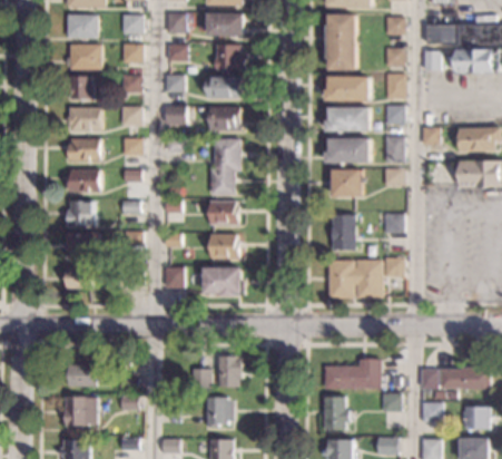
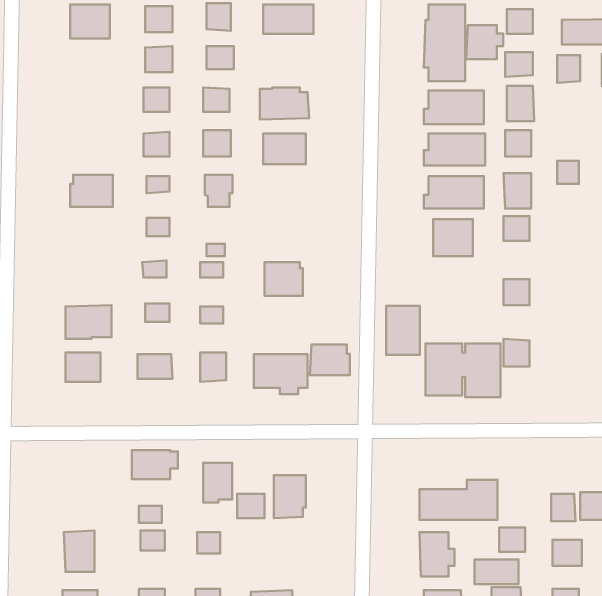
building: none -> [466,25,503,59]
building: [66,45,100,69] -> none
building: [215,45,247,68] -> none
building: [69,75,92,98] -> none
building: [67,106,100,130] -> none
building: [209,138,239,194] -> none
building: [67,169,99,192] -> none
building: [66,201,95,225] -> none
building: [329,214,354,250] -> [386,306,420,355]
building: [208,234,237,256] -> [310,345,350,375]
building: [67,364,100,385] -> [132,450,178,479]
building: [204,397,225,426] -> [203,463,232,503]
building: none -> [475,559,518,584]

